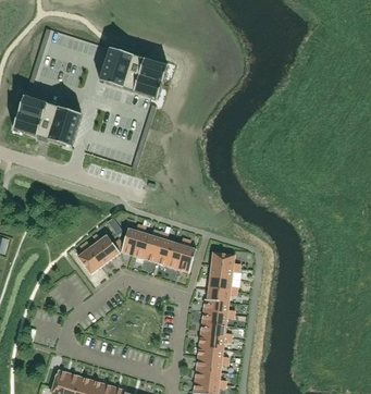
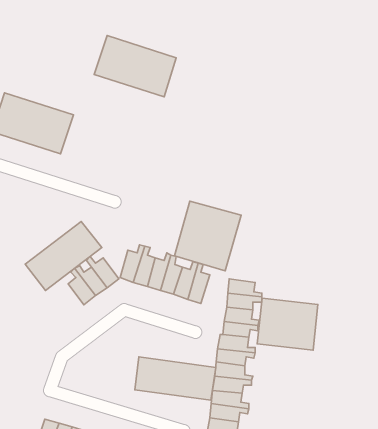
building: none -> [175,201,241,271]
building: none -> [25,221,102,290]
building: none -> [257,298,318,350]
building: none -> [135,357,216,400]

